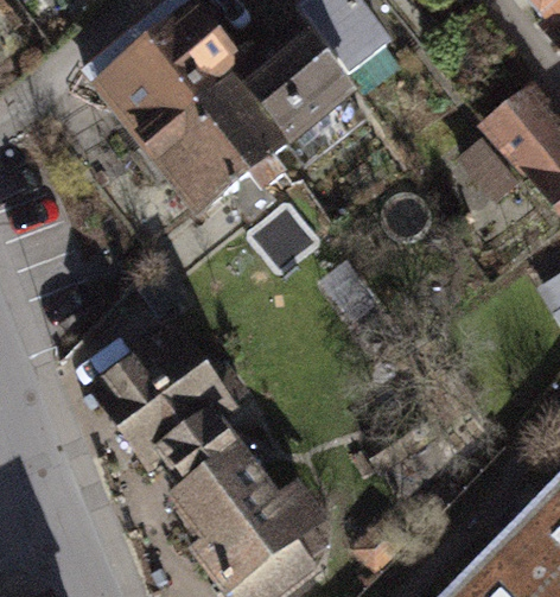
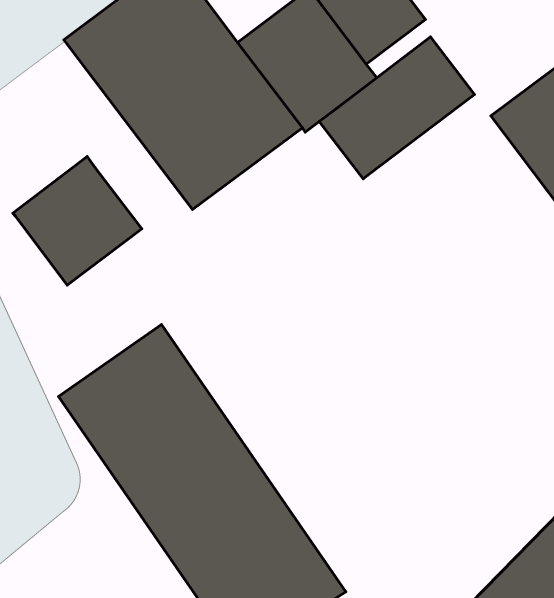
building: none -> [319,37,474,179]
building: none -> [13,157,142,285]

